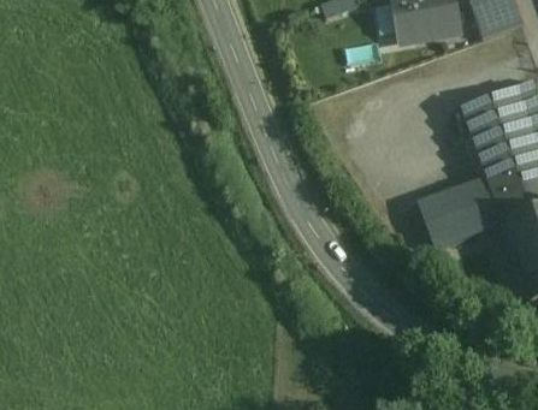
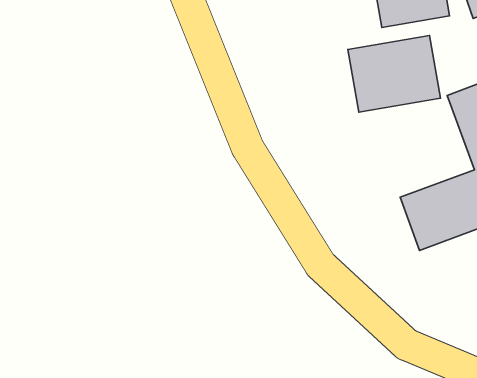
building: none -> [348,35,441,112]

